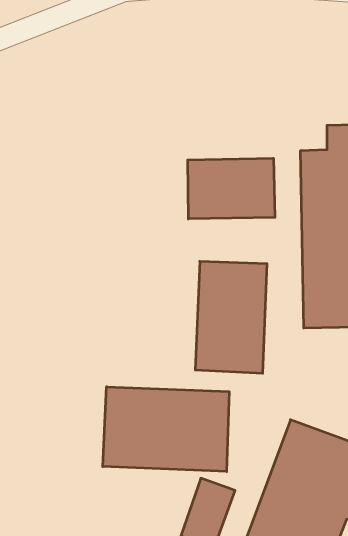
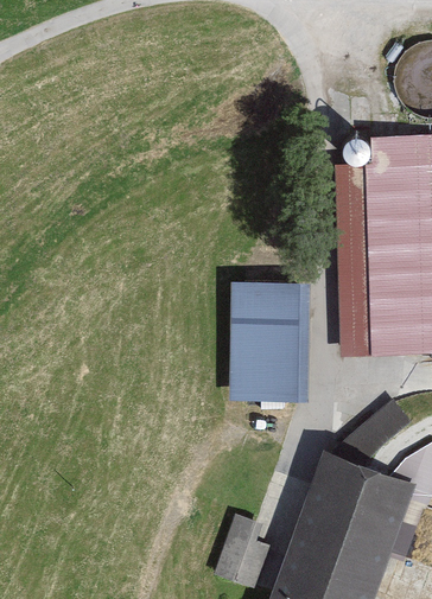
building: [188,158,275,219] -> none
building: [103,387,229,472] -> none

